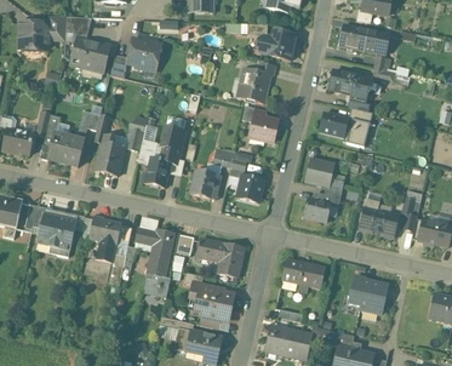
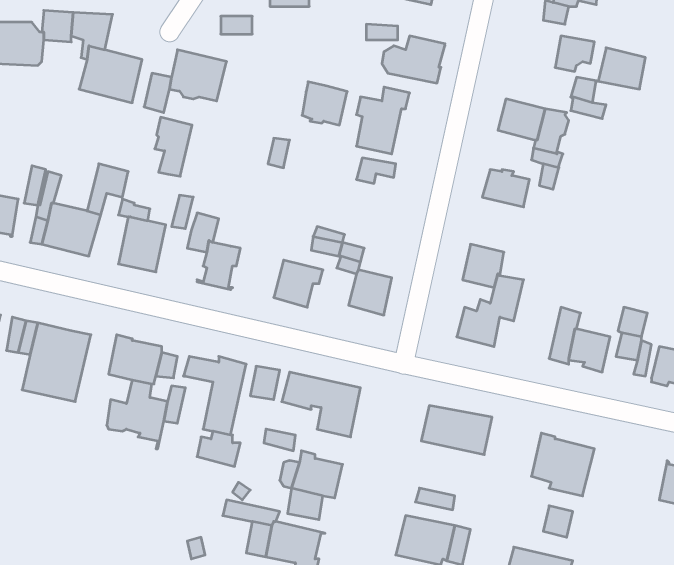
building: [338,24,367,50] -> [598,48,645,89]
building: [250,115,278,142] -> [302,82,347,125]
building: [161,126,184,162] -> [155,117,192,176]

